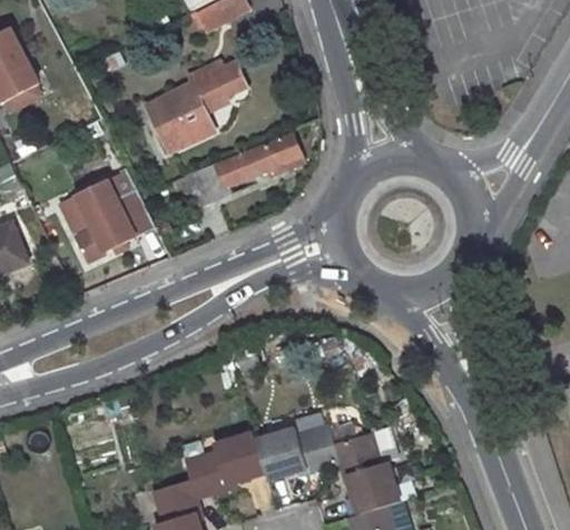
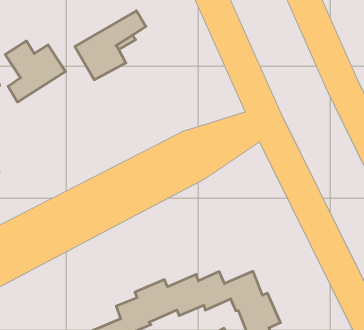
building: [186,128,309,206] -> none
building: [79,180,158,262] -> [5,41,66,102]

